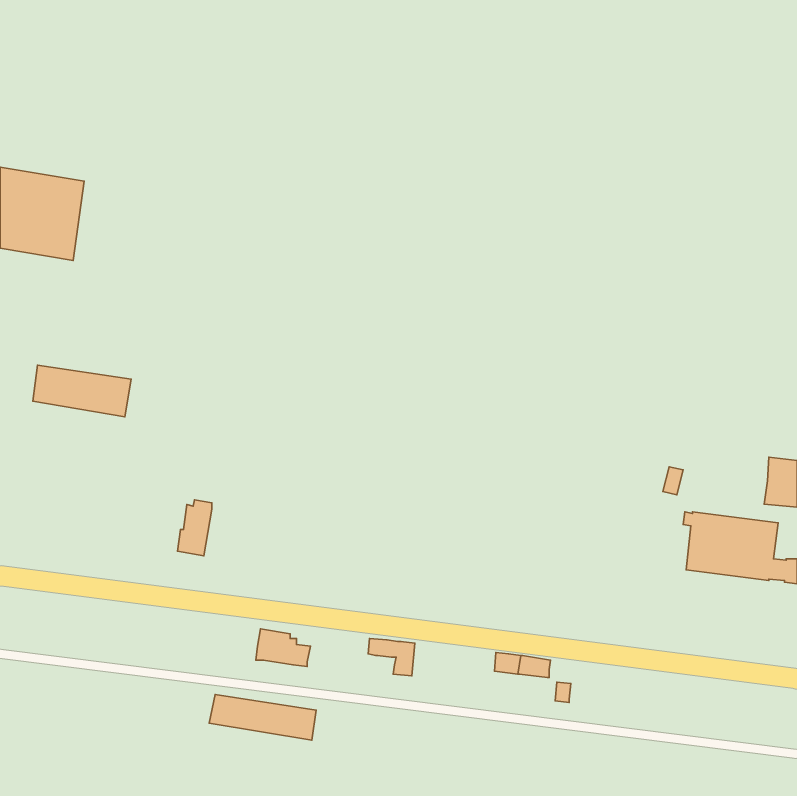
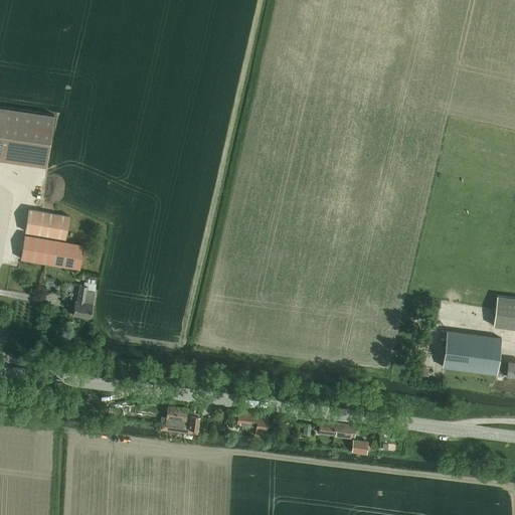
building: none -> [25,209,69,239]
building: [177,500,212,556] -> [73,283,96,319]
building: [209,695,316,740] -> none

